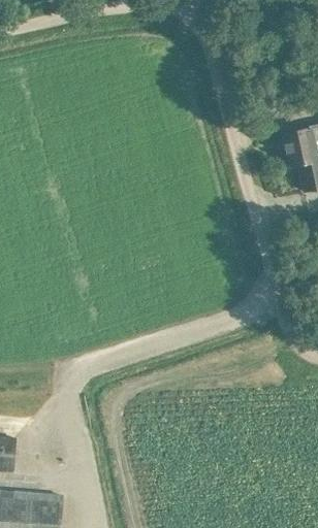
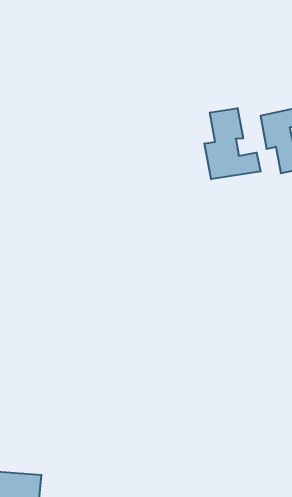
building: none -> [204,108,260,179]

